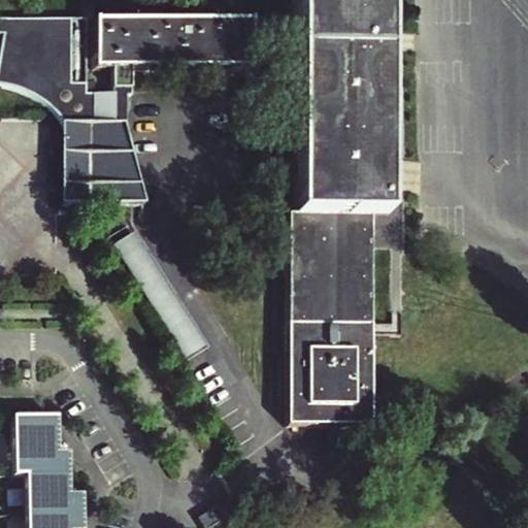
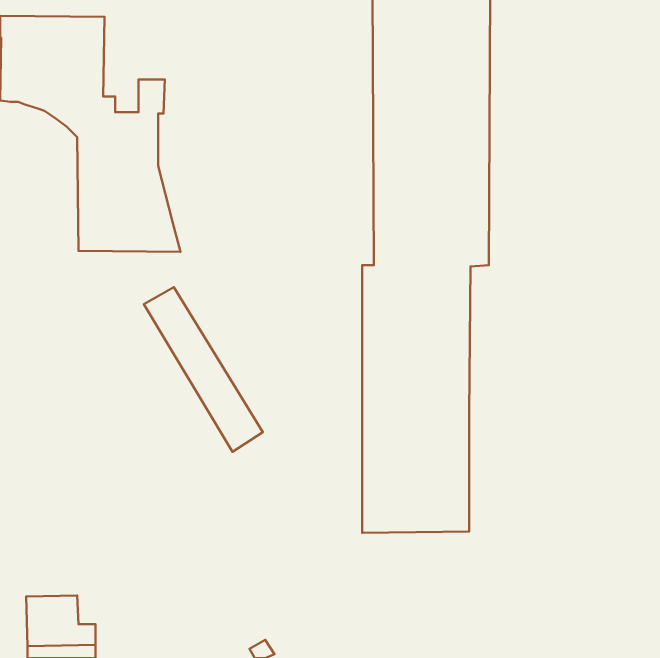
building: [97,15,255,65] -> none
building: [14,416,67,471] -> none

